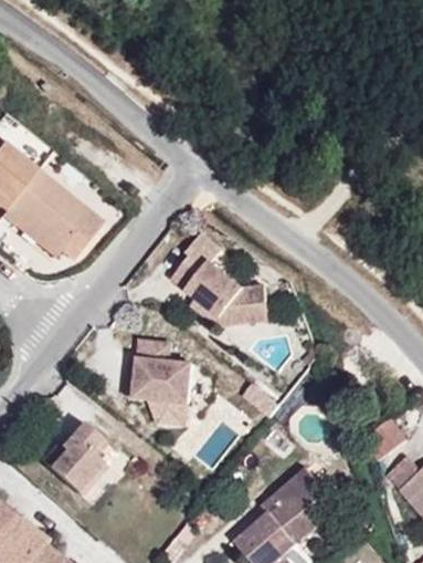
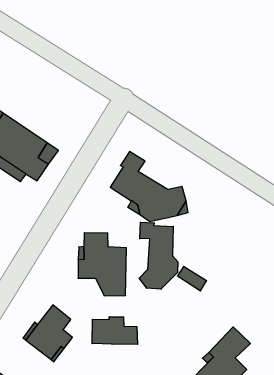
building: none -> [139,222,178,289]
building: none -> [92,317,138,344]

